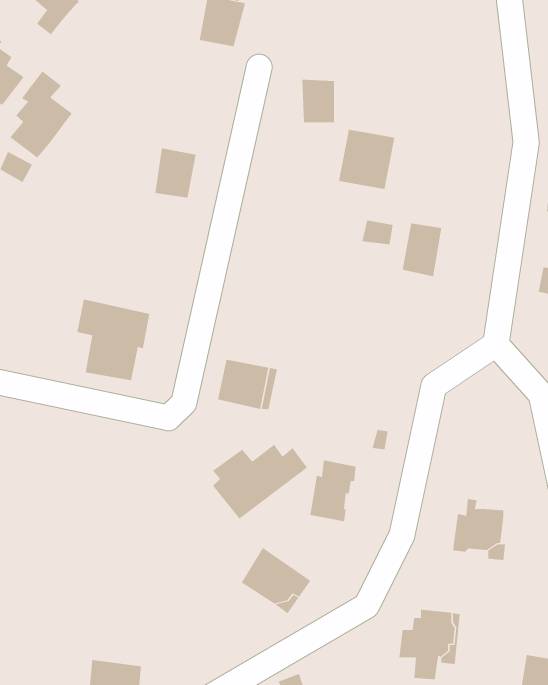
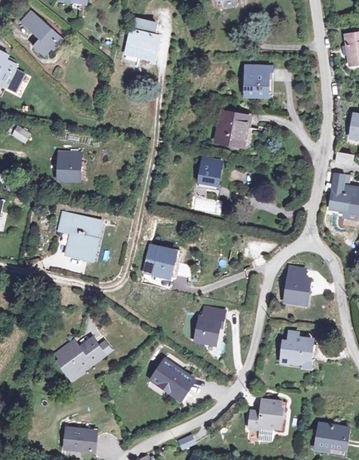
building: [10,71,73,158] -> none
building: [301,79,335,123] -> [248,67,268,93]
building: [155,148,196,198] -> [59,151,84,181]
building: [402,223,442,277] -> [199,154,223,186]
building: none -> [285,266,311,304]
building: [212,444,308,519] -> [53,336,110,381]

